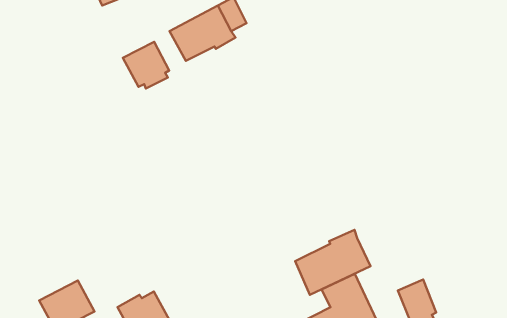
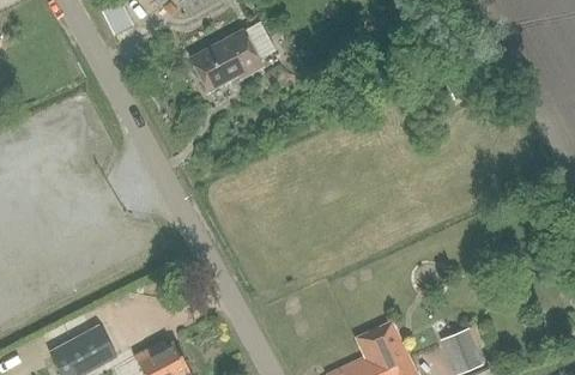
building: [123,42,169,89] -> none
building: [295,230,371,295] -> none

